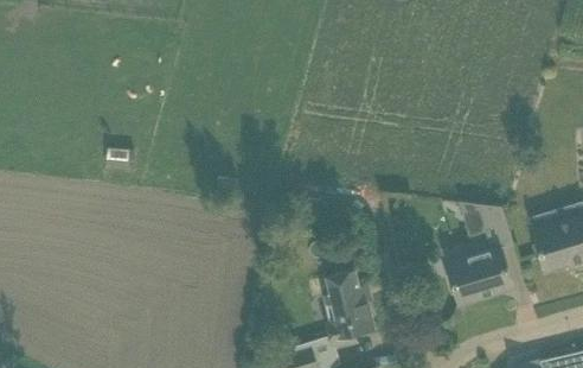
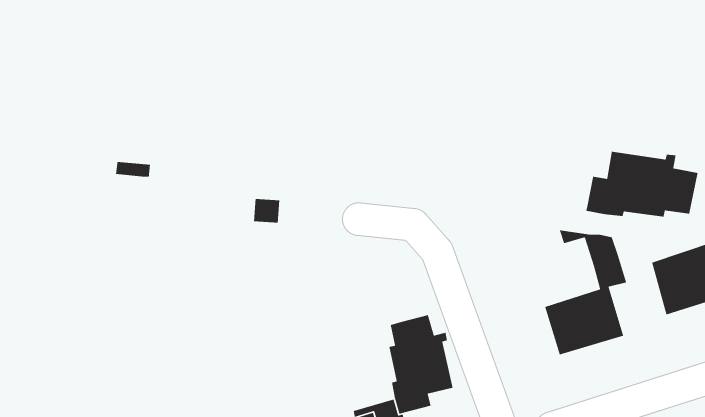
building: none -> [585,151,698,218]

